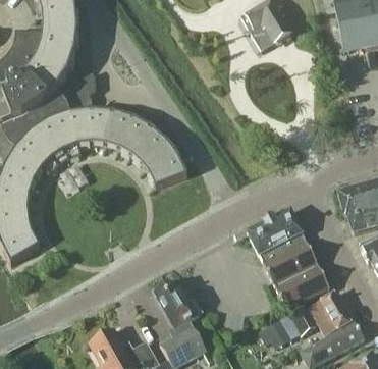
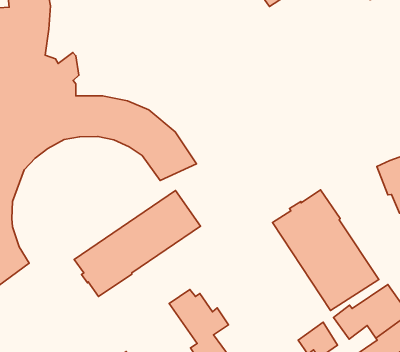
building: none -> [74,190,201,296]

